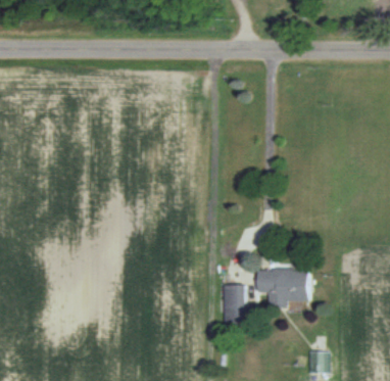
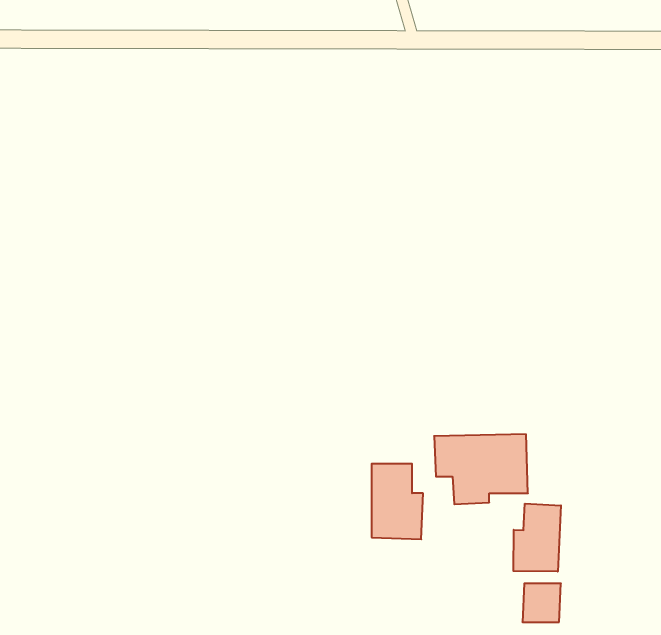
building: none -> [513,504,561,572]

